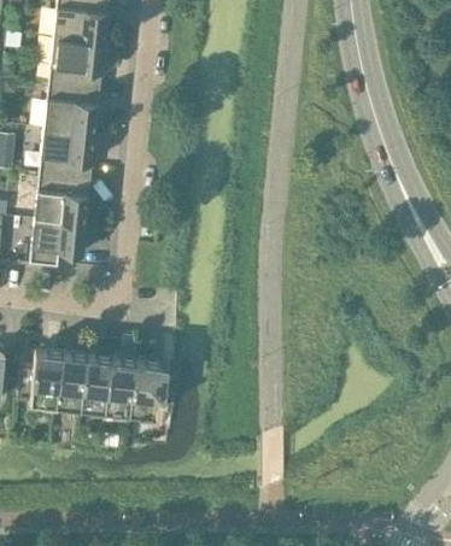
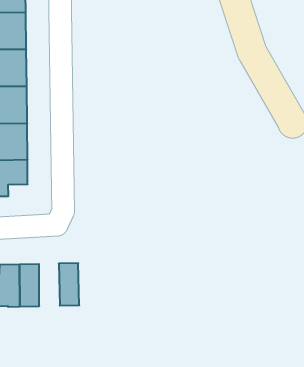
building: [78,354,109,409] -> none
building: [128,359,158,415] -> none

